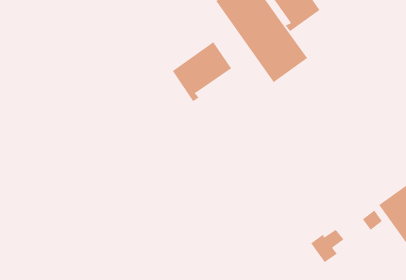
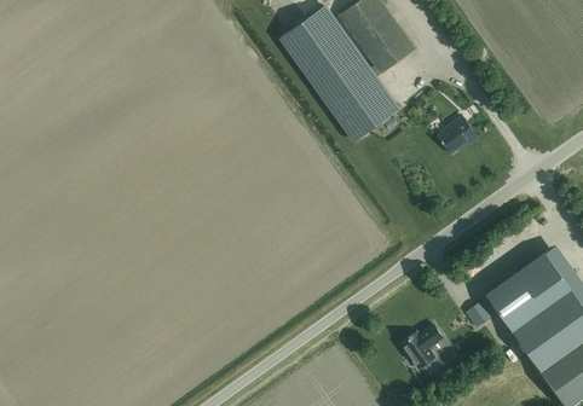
building: [172,41,232,102] -> none
building: none -> [438,116,478,153]

